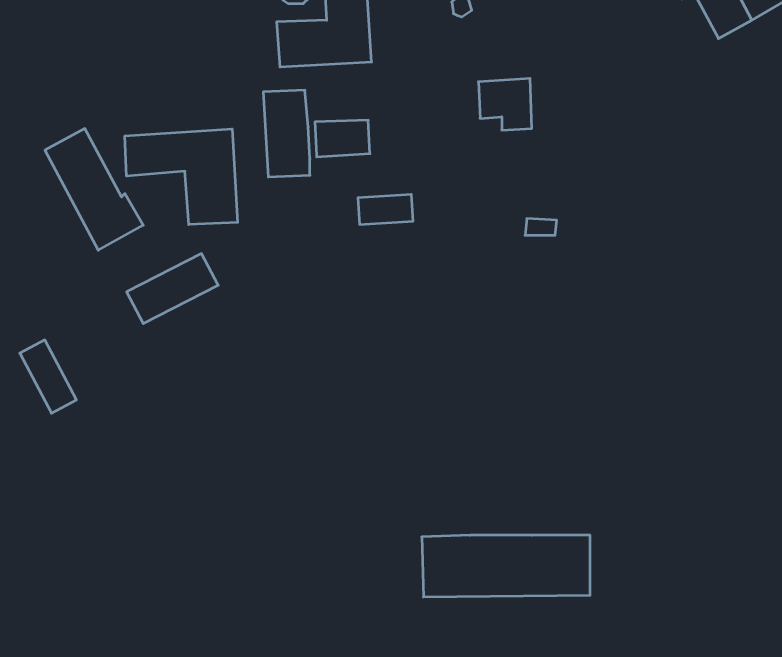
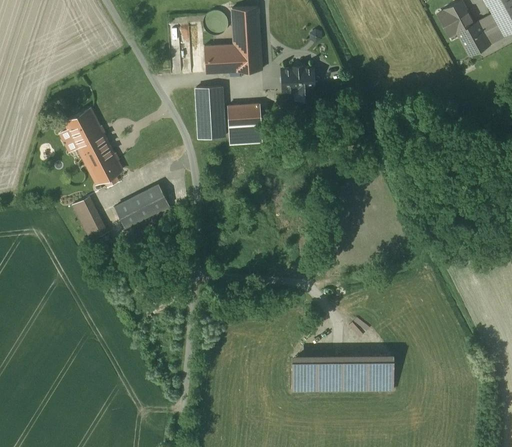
building: [478,78,532,130] -> [282,68,314,99]
building: [125,129,238,225] -> none
building: [358,194,413,224] -> [228,125,261,143]
building: [20,340,76,413] -> [68,199,102,243]

